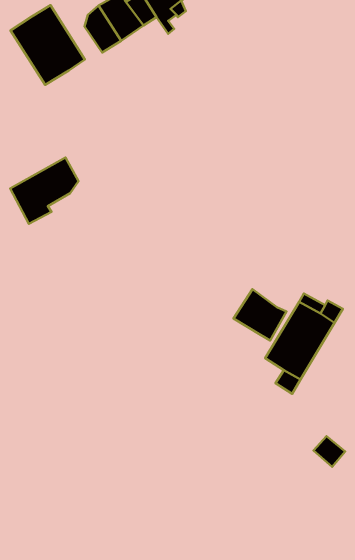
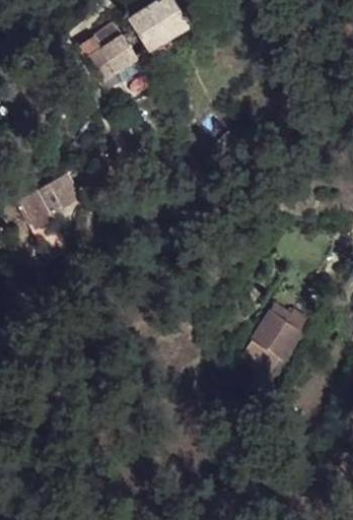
building: [11,5,85,85] -> none
building: [234,289,287,341] -> none

